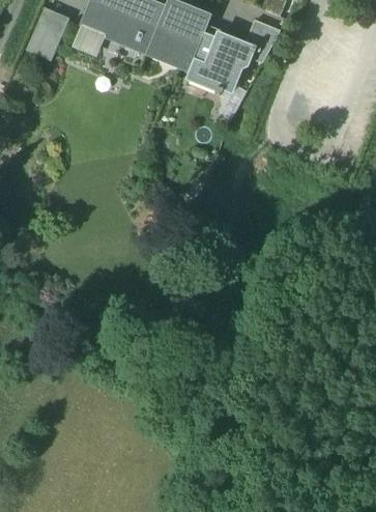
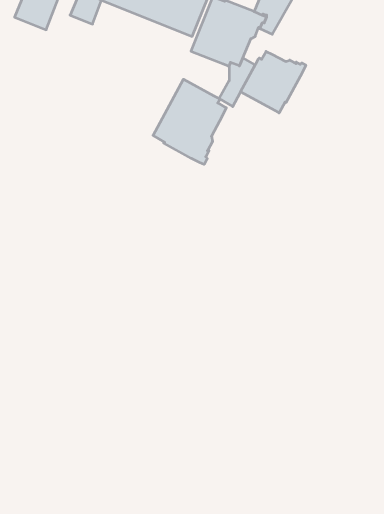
building: none -> [241,51,306,113]
building: none -> [153,79,226,164]

